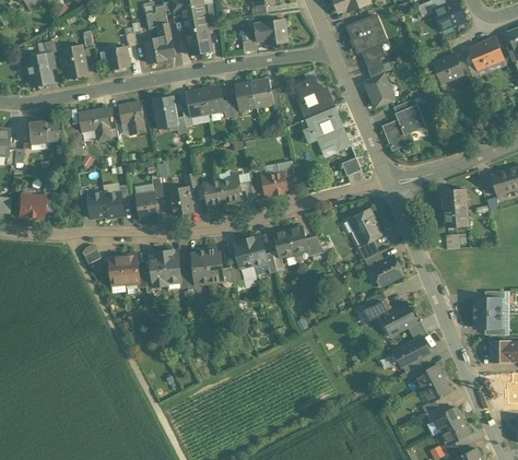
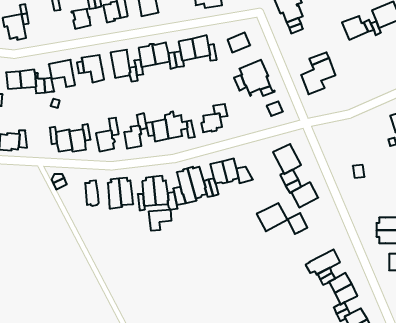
building: [62,44,87,78] -> none
building: [364,72,393,106] -> none
building: [299,87,334,118] -> none
building: [442,188,467,227] -> none
building: [107,255,125,285] -> none
building: none -> [149,209,171,231]
building: [379,302,416,335] -> [257,203,287,231]

